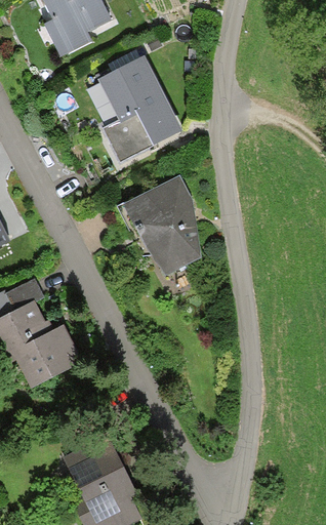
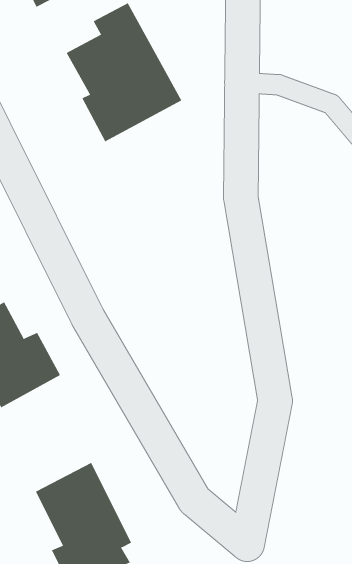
building: [120,173,202,280] -> none

